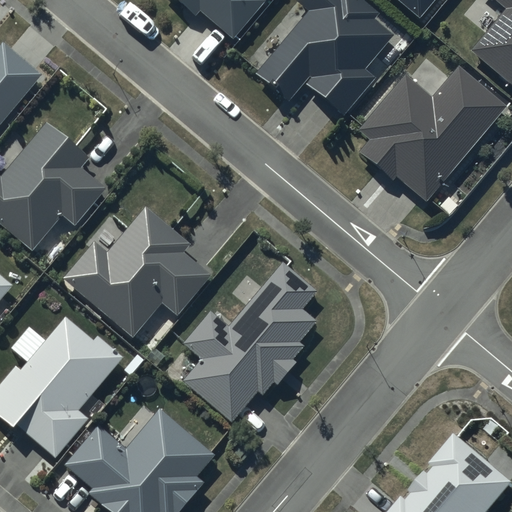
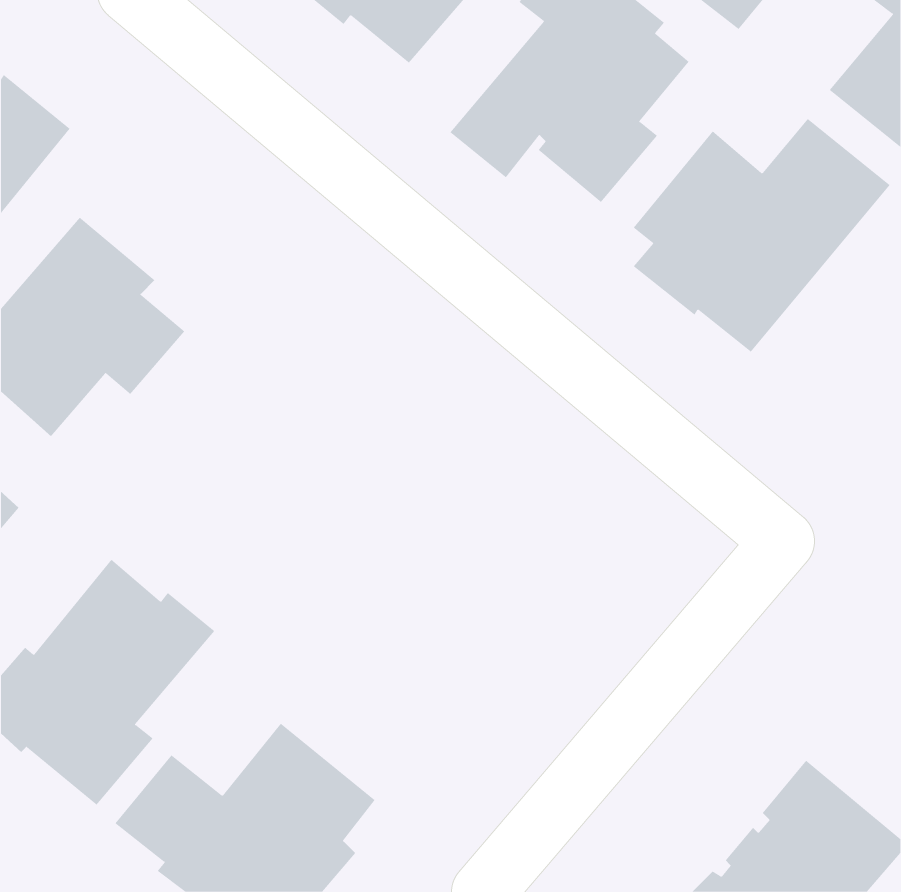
building: [64,207,211,336] -> none
building: [183,262,317,422] -> none

